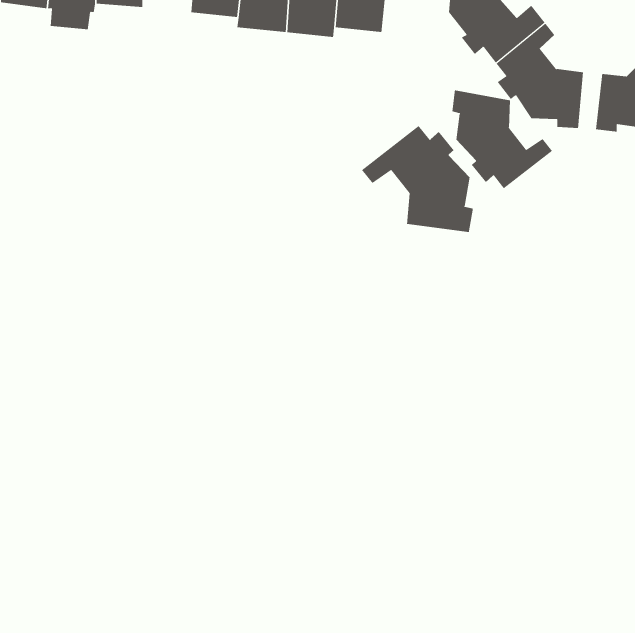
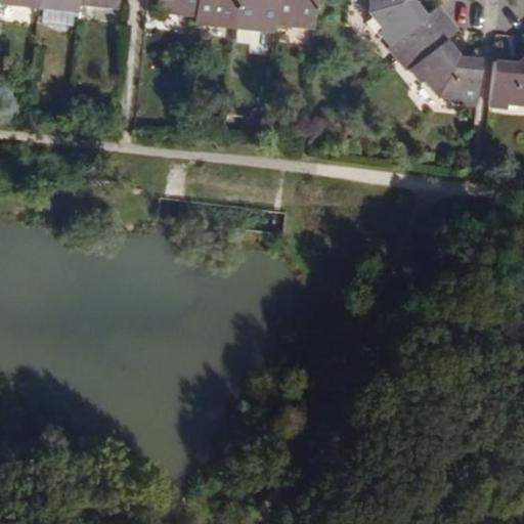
building: [452,89,553,189] -> none
building: [361,125,473,233] -> none

